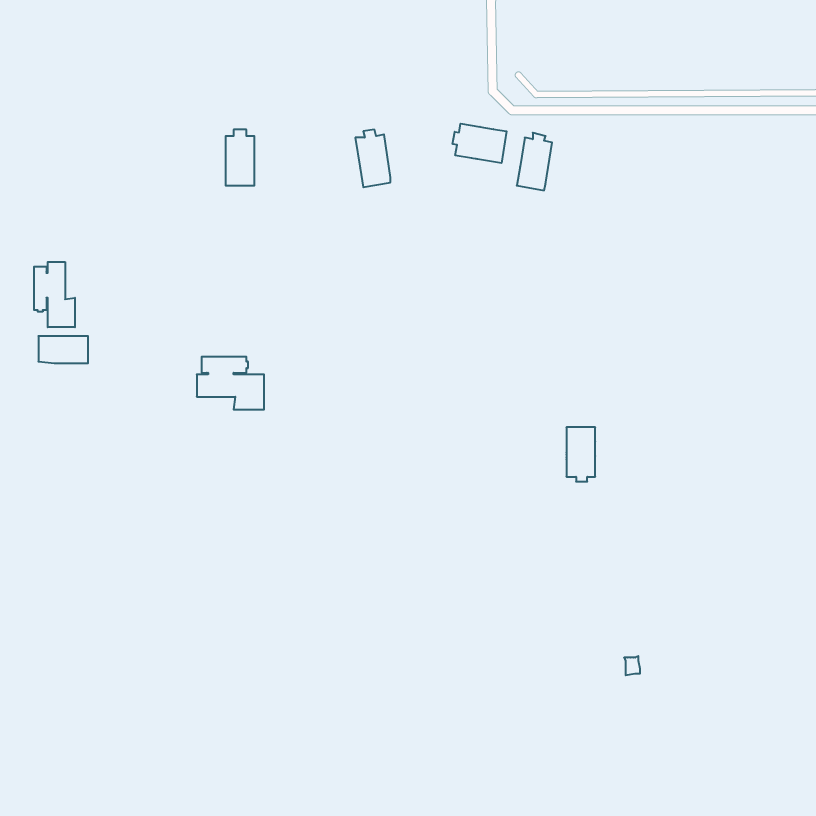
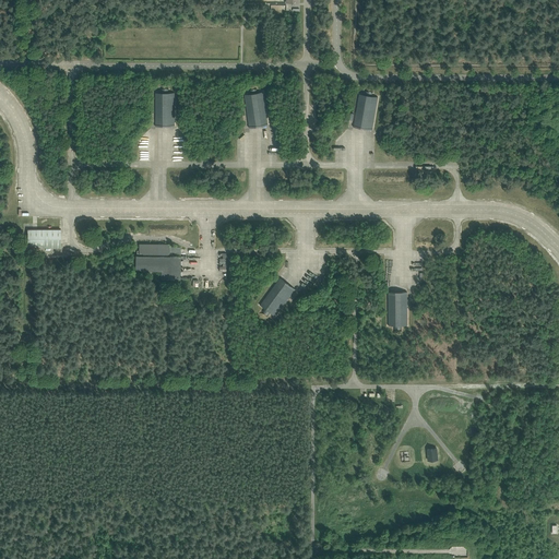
building: [453,124,507,163] -> none
building: [34,262,75,327] -> none
building: none -> [259,278,294,318]

